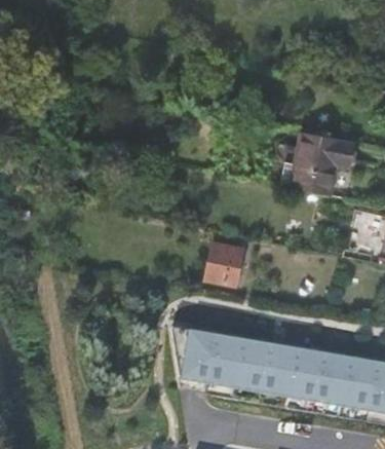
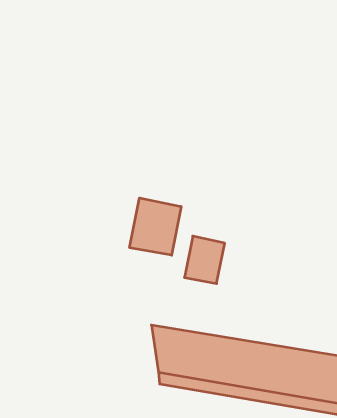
building: [290,132,351,193] -> none
building: none -> [130,198,181,255]

